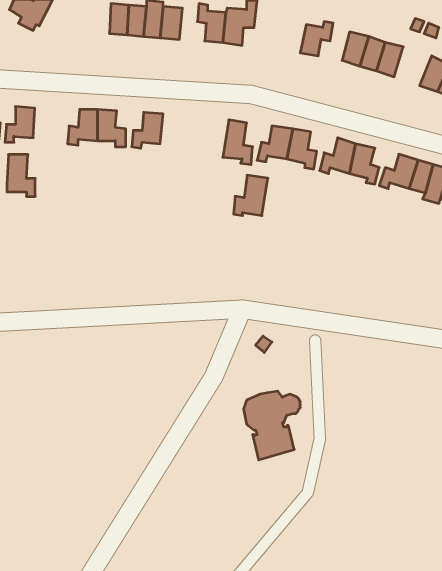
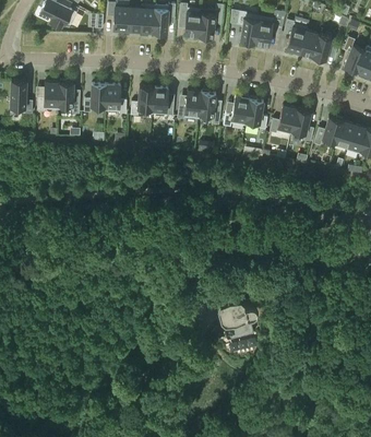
building: none -> [236,14,260,44]
building: none -> [153,88,175,116]
building: [7,155,35,196] -> [60,84,81,115]
building: [234,175,268,216] -> [178,91,203,120]

